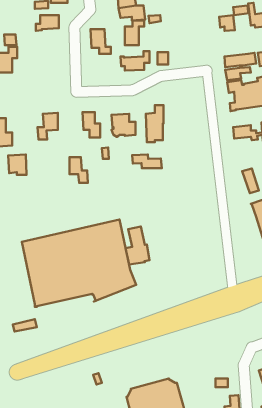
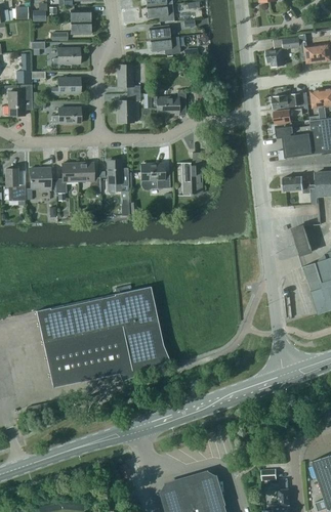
building: [125,20,144,45] -> [117,93,139,122]
building: none -> [50,78,79,96]
building: none -> [51,108,80,123]
building: [8,155,27,175] -> [29,167,50,190]
building: [132,155,162,168] -> none
building: [69,157,88,183] -> [78,162,99,191]
building: [126,226,149,265] -> none

